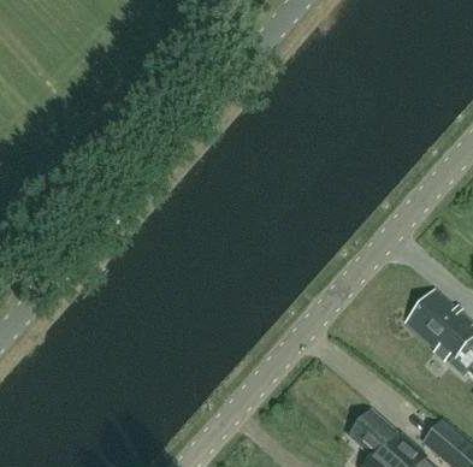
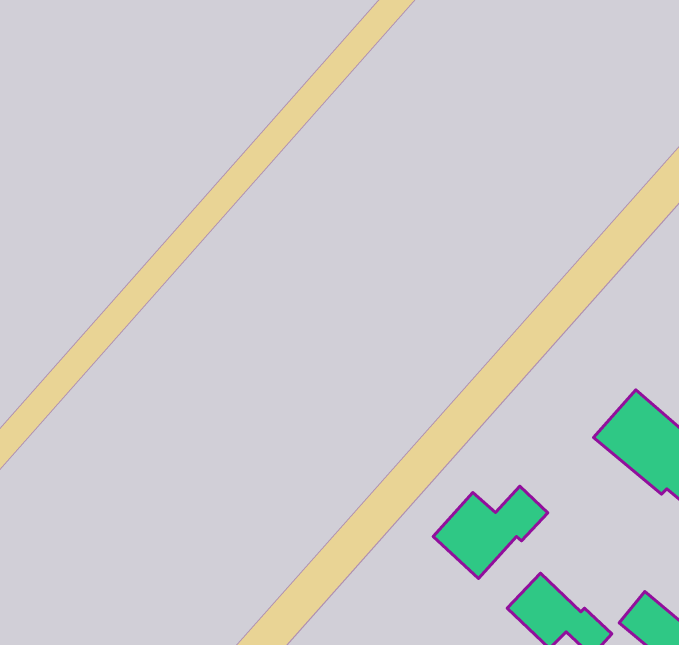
building: none -> [433,486,548,578]

